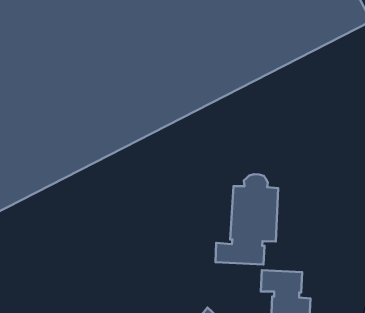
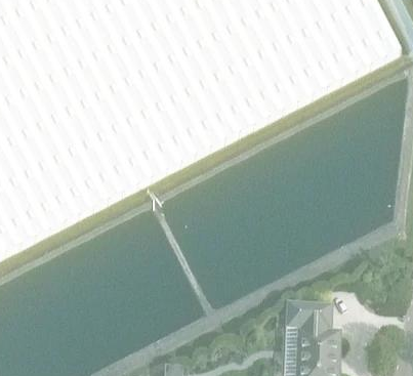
building: [215,174,278,264] -> none

